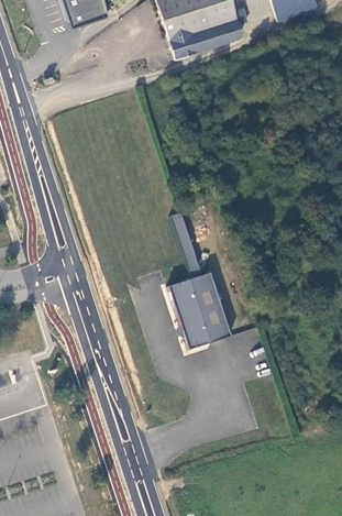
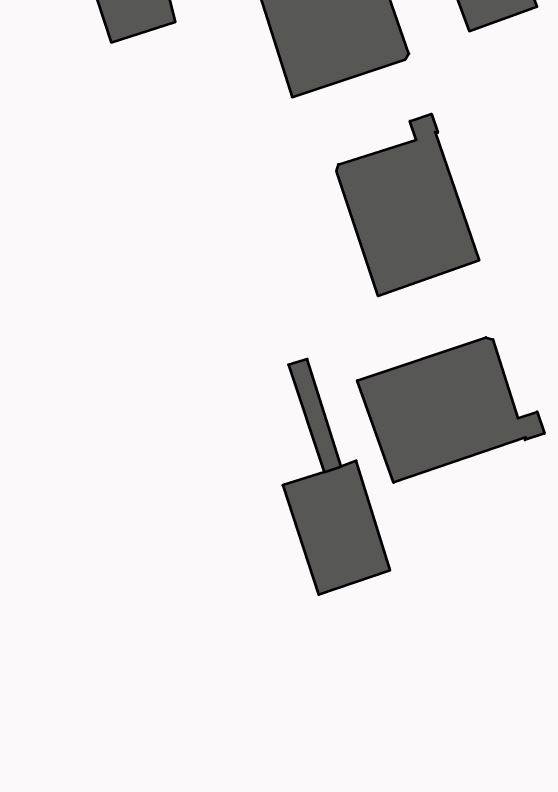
building: none -> [337,114,479,296]
building: none -> [357,337,544,483]

